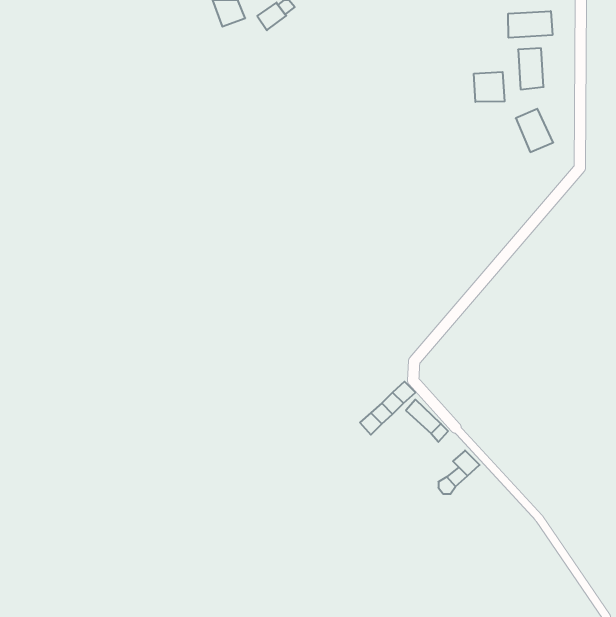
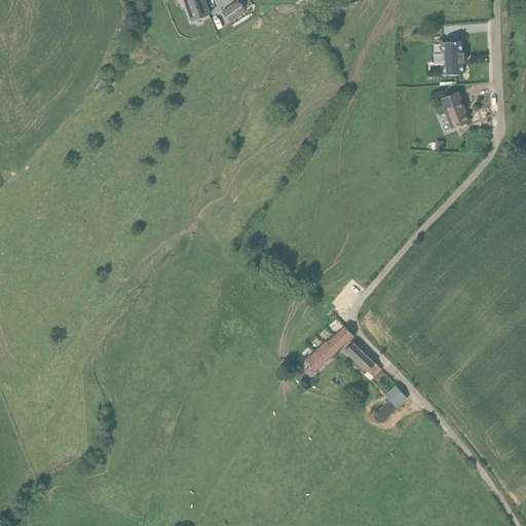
building: [508,11,552,38] -> none
building: [474,72,505,102] -> none

